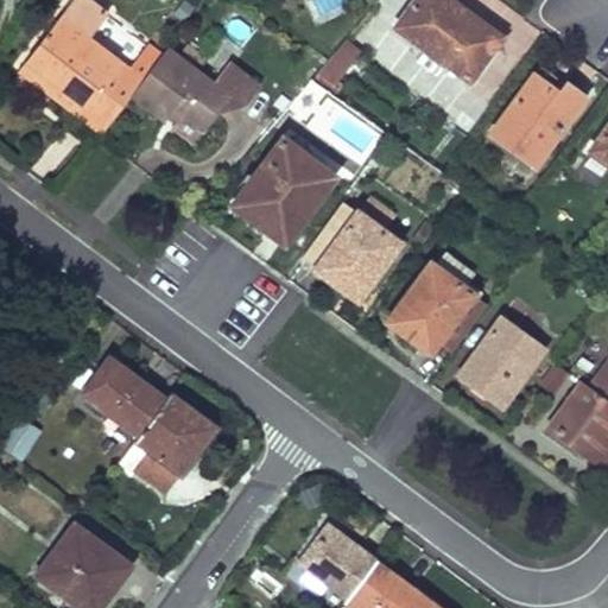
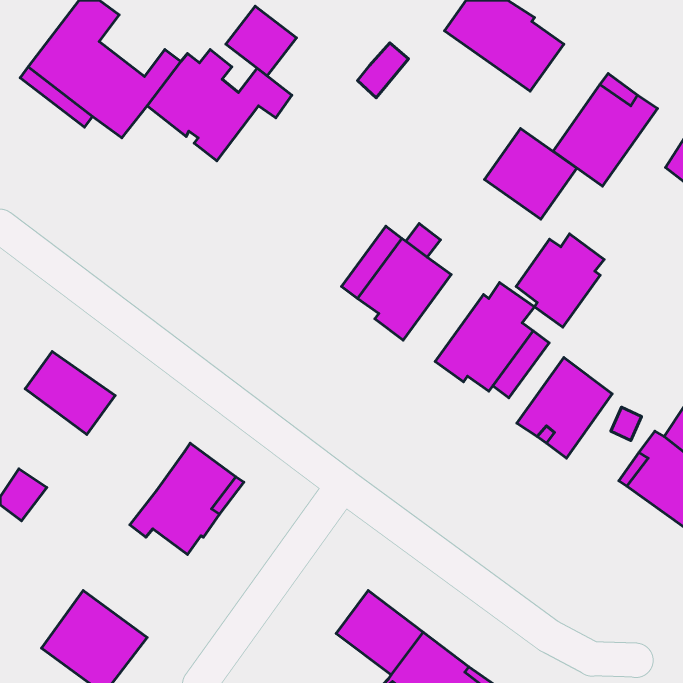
building: none -> [226,6,296,76]
building: none -> [484,128,577,219]
building: [232,139,335,246] -> none
building: none -> [516,234,604,327]
building: [86,362,165,436] -> [25,351,115,434]

